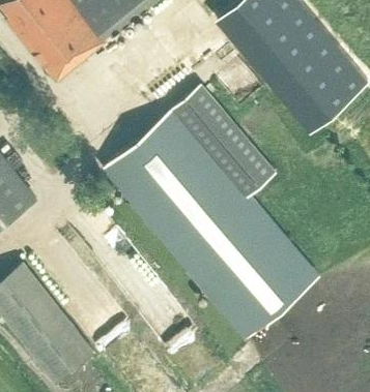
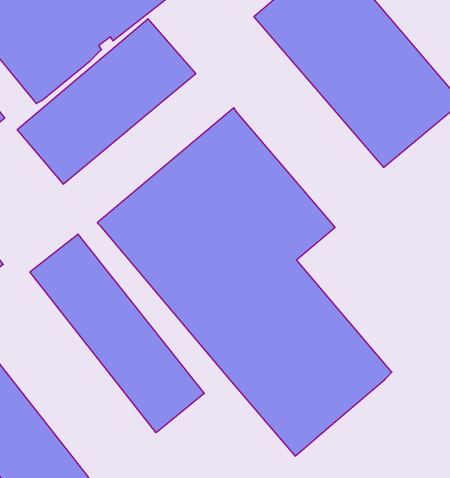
building: none -> [17,19,196,184]
building: none -> [30,234,204,433]

